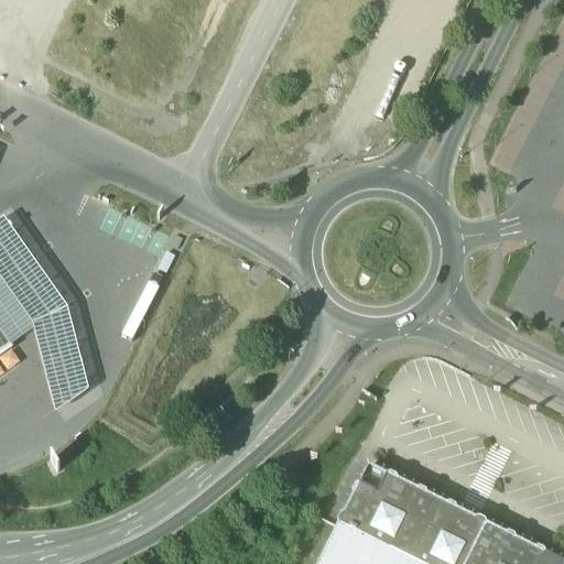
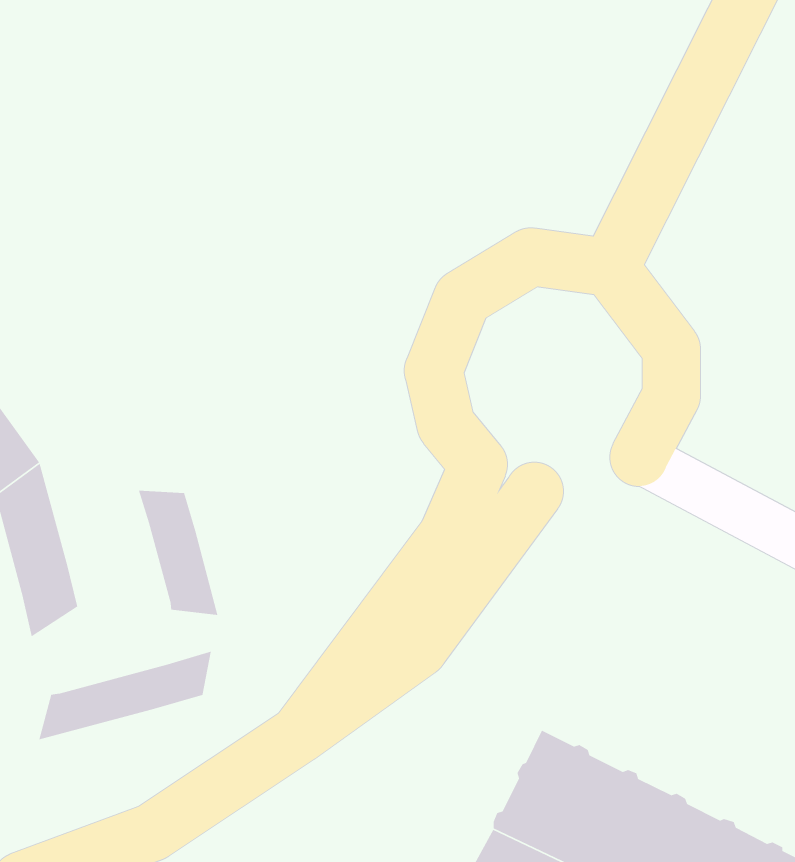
building: none -> [138,490,219,616]
building: none -> [38,651,212,741]

